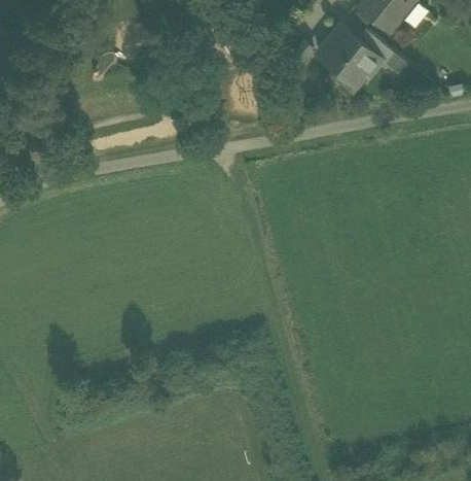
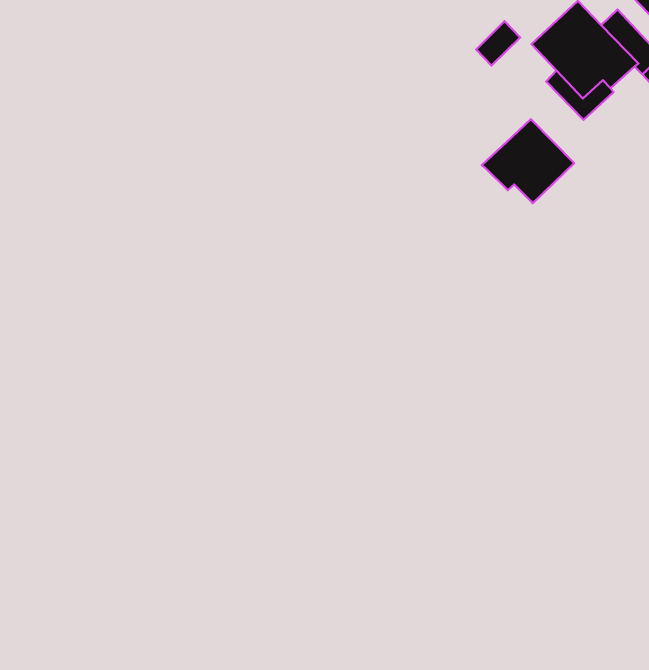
building: none -> [482,119,574,203]

